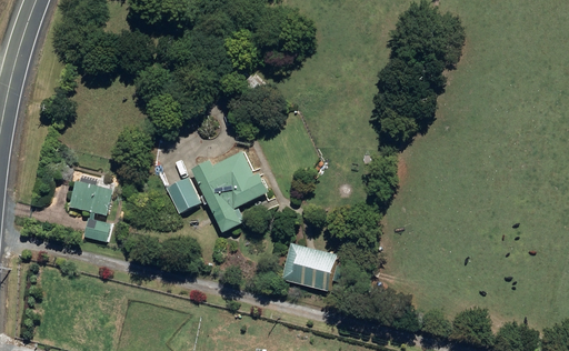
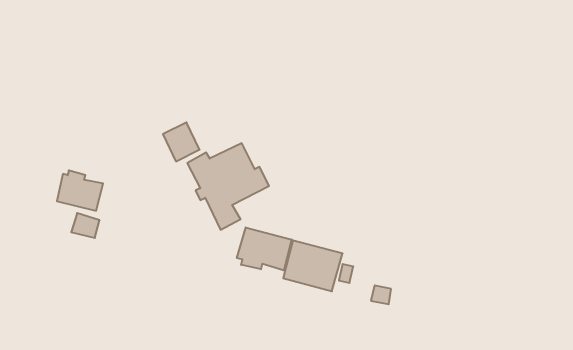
building: [166,177,200,213] -> [163,122,200,161]
building: none -> [237,227,292,271]

